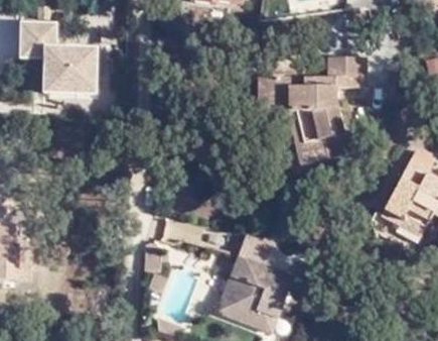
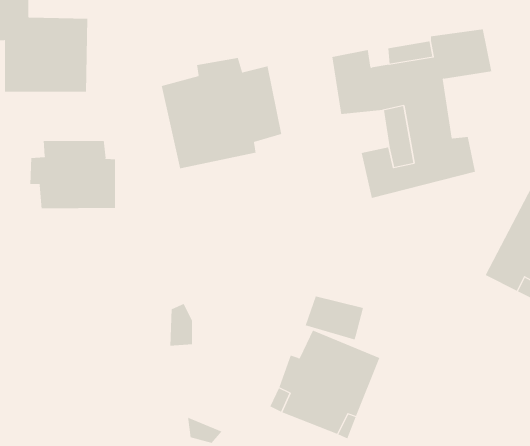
building: none -> [161,57,282,169]
building: none -> [30,140,115,209]

